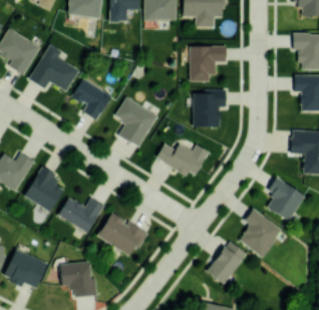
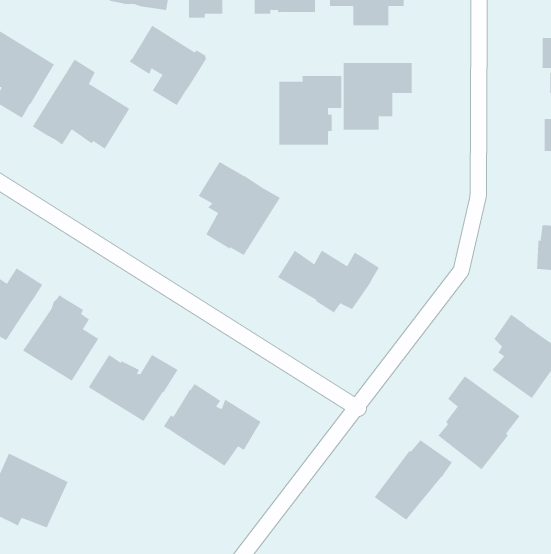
building: [70,78,111,120] -> [129,25,208,106]
building: [193,90,226,126] -> [279,76,342,145]
building: [59,262,96,297] -> none

